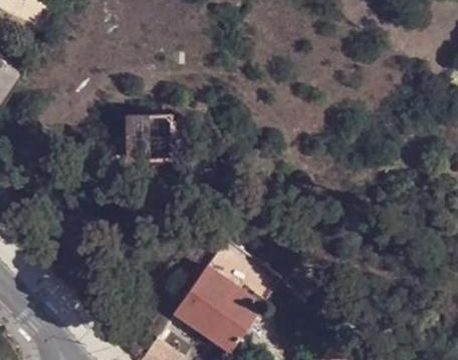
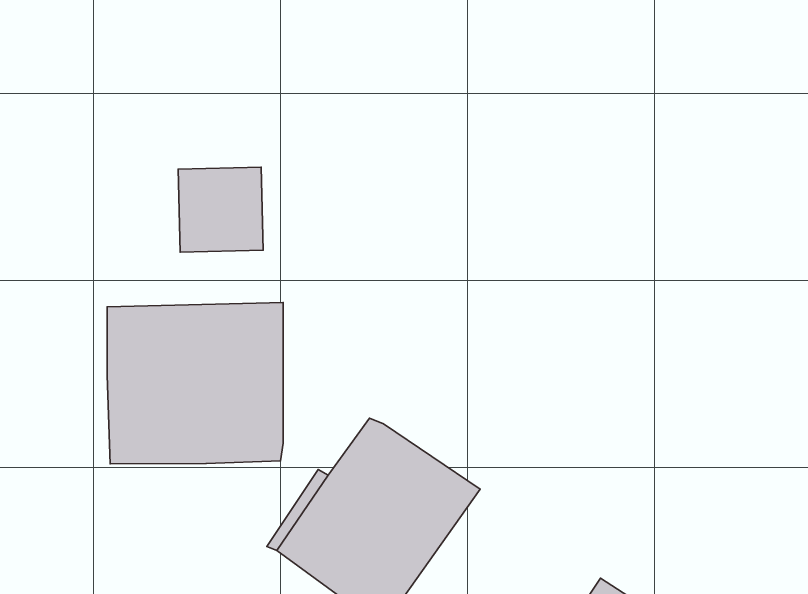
building: none -> [107,303,283,464]

